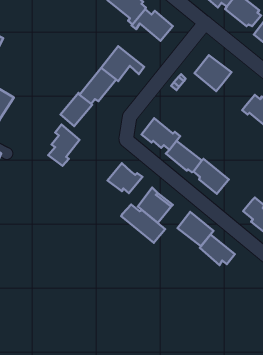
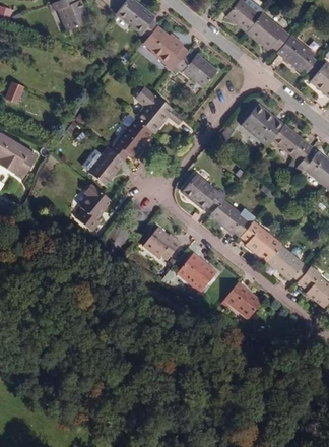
building: none -> [272,124,312,162]
building: [121,204,165,243] -> none
building: [200,234,235,265] -> [267,246,307,280]

